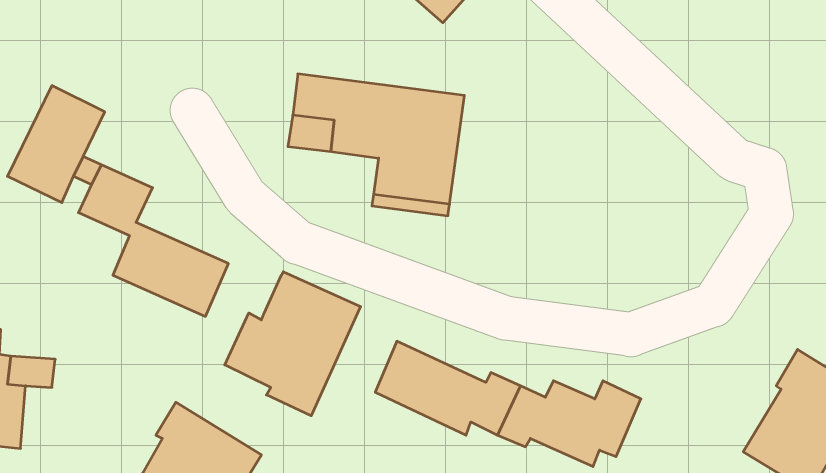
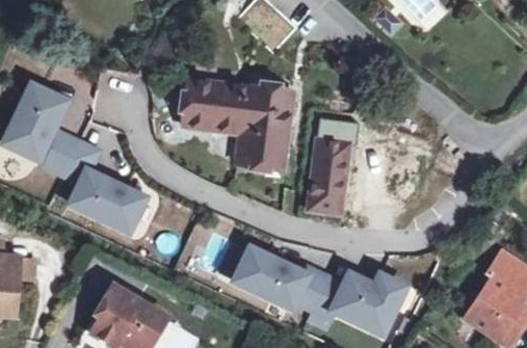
building: none -> [308,117,361,212]
building: [225,272,361,416] -> none

